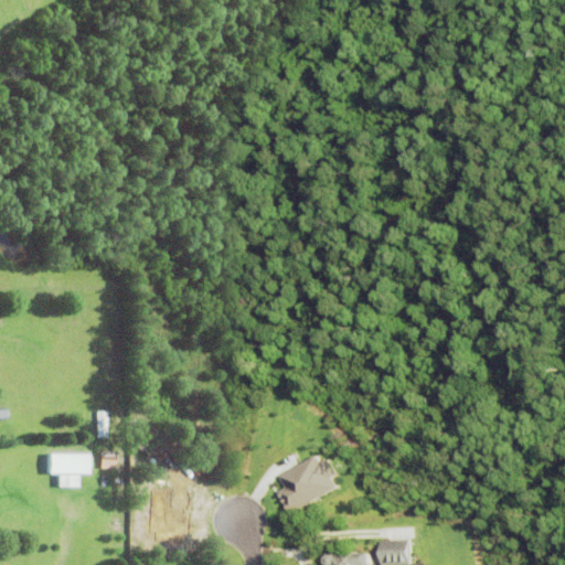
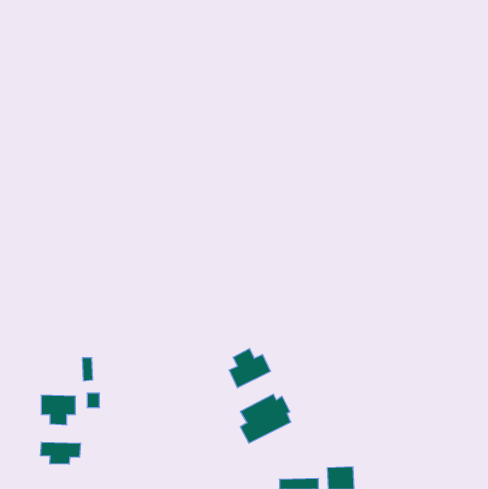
building: none -> [229,348,270,388]
building: none -> [41,442,81,464]

